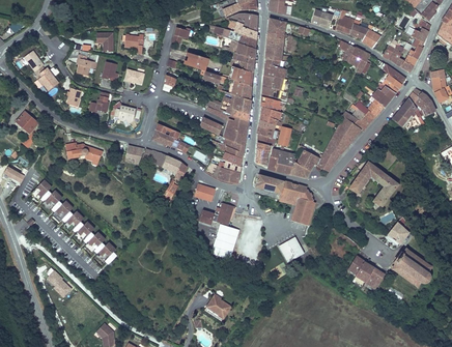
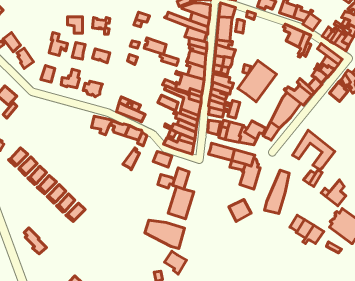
building: none -> [238,61,276,102]
building: [65,143,103,162] -> none
building: none -> [265,170,289,213]
building: none -> [145,220,184,249]

